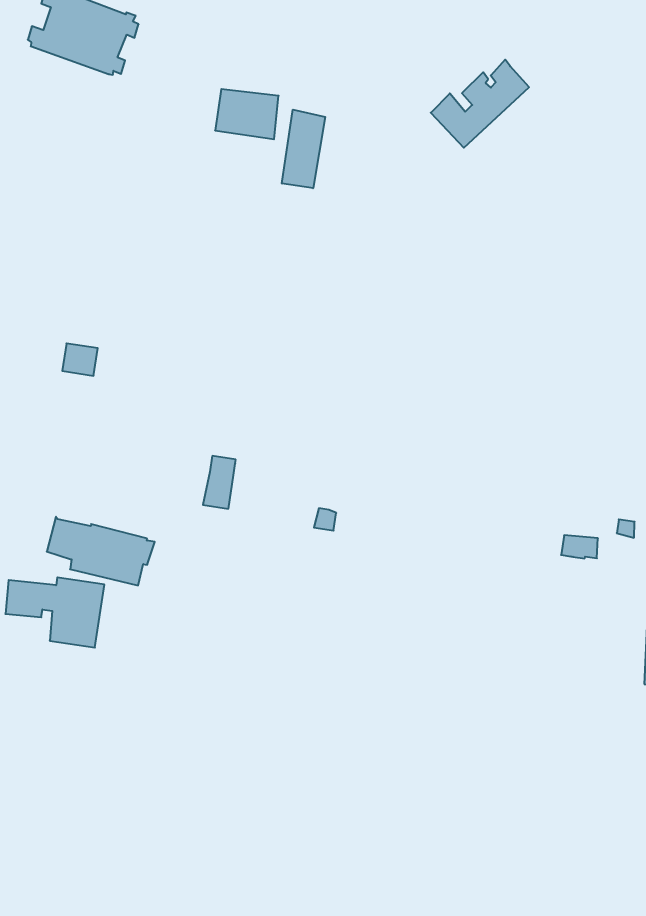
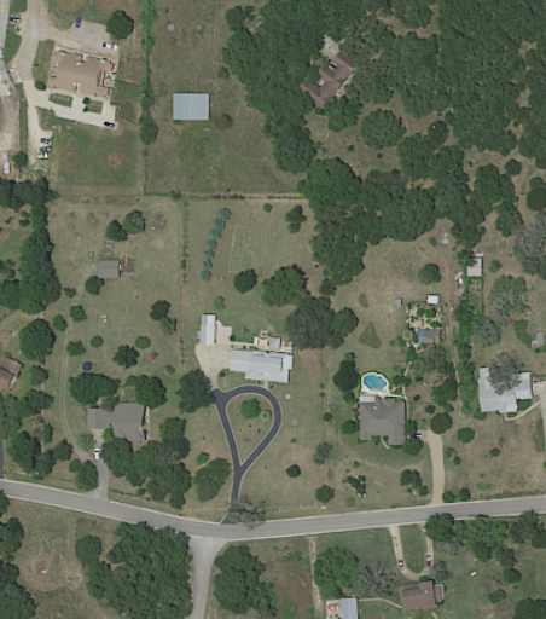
building: [282,110,325,188] -> none
building: [47,517,155,585] -> [228,349,292,383]
building: none -> [359,397,405,446]

